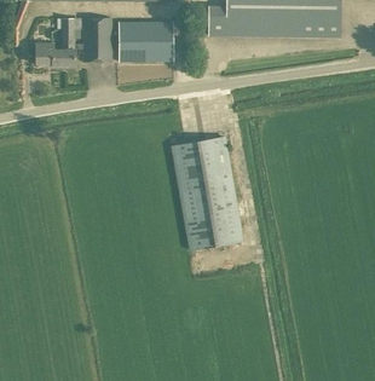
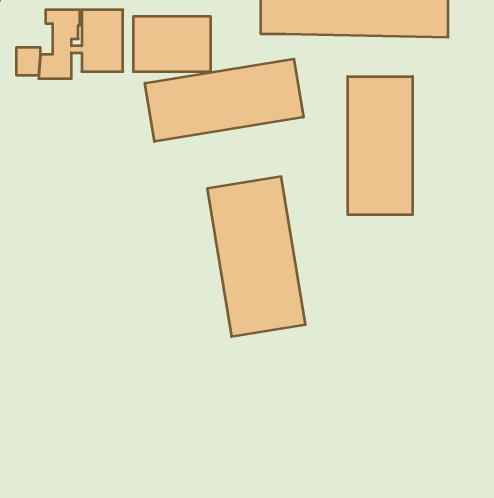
building: none -> [145,59,303,142]
building: none -> [348,76,413,215]

